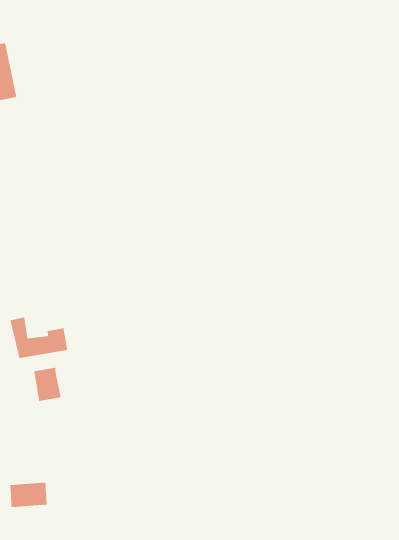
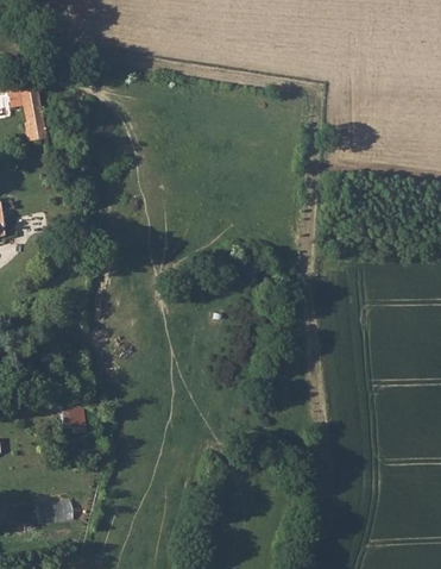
building: [10,316,68,359] -> none

